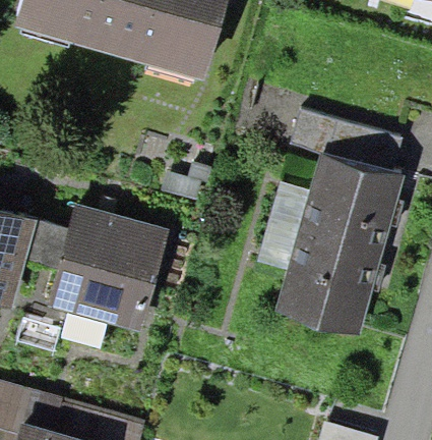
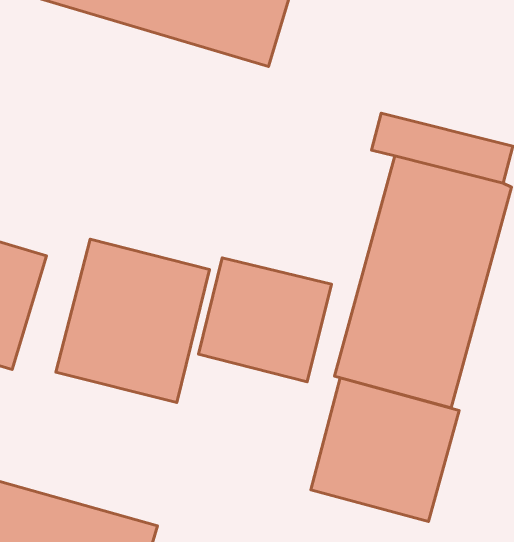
building: none -> [198,258,332,382]
building: none -> [311,378,459,522]

